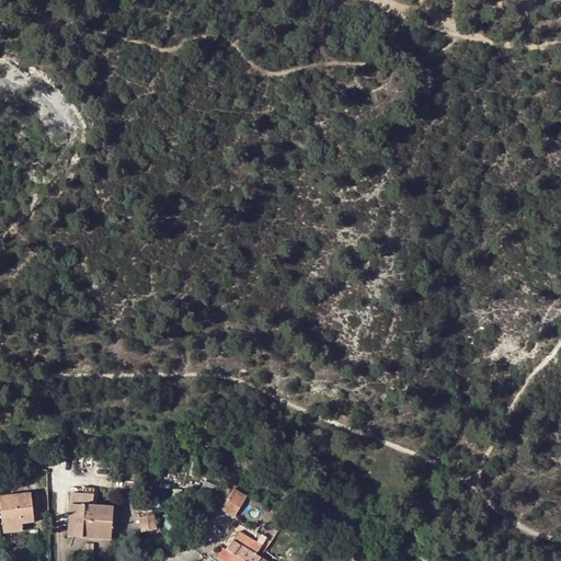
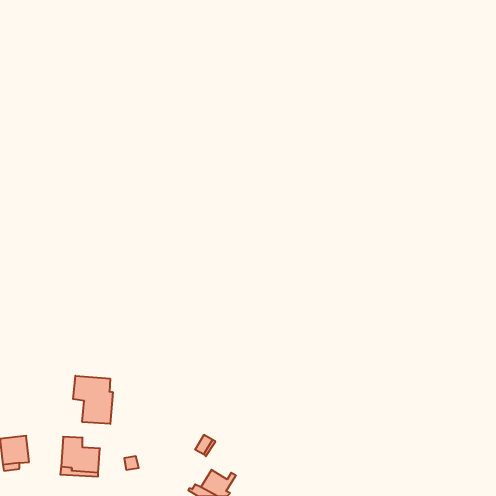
building: none -> [73,376,113,424]

